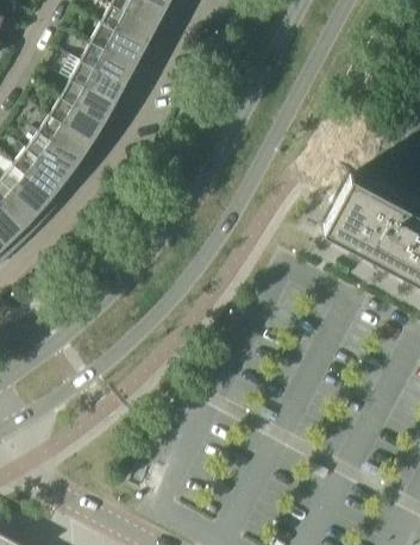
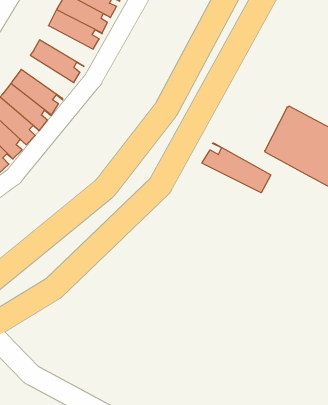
building: [56,83,119,131] -> none
building: [35,118,96,169] -> none
building: none -> [202,143,271,193]

